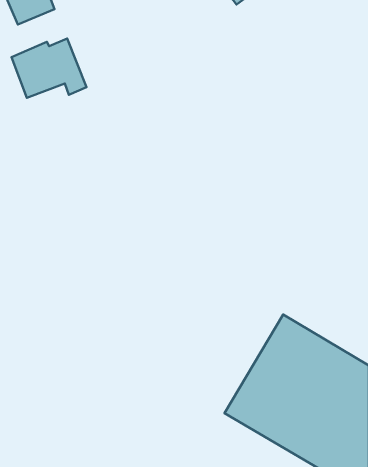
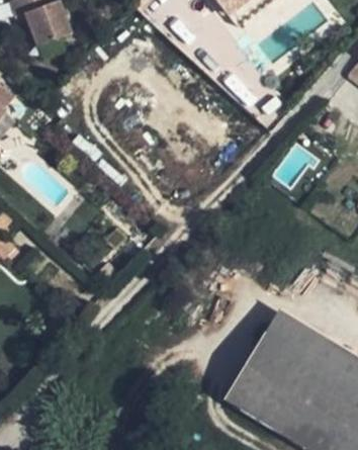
building: [11,39,87,98] -> none

